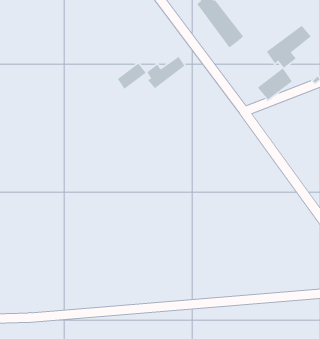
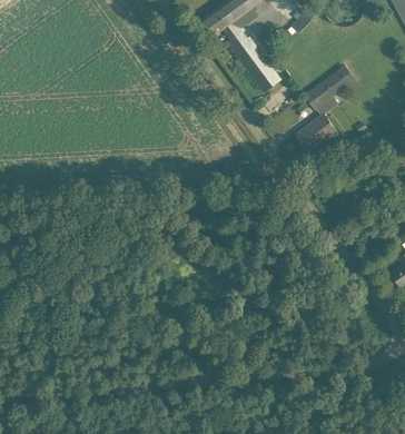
building: [117,56,186,90] -> none

